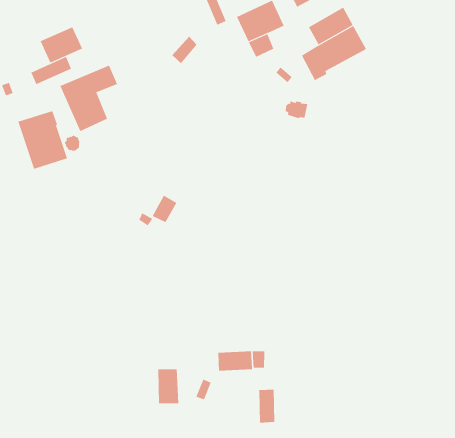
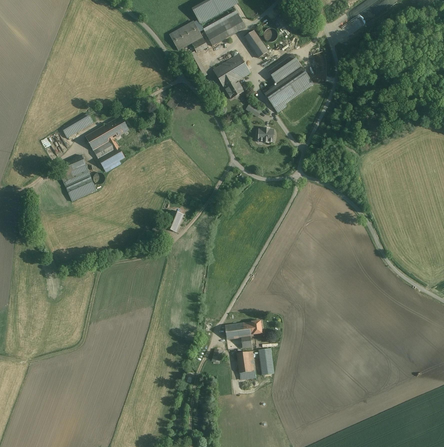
building: [40,26,83,64] -> none
building: [158,369,179,404] -> [237,351,256,379]

